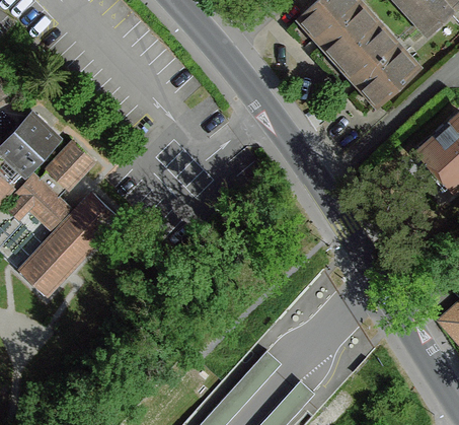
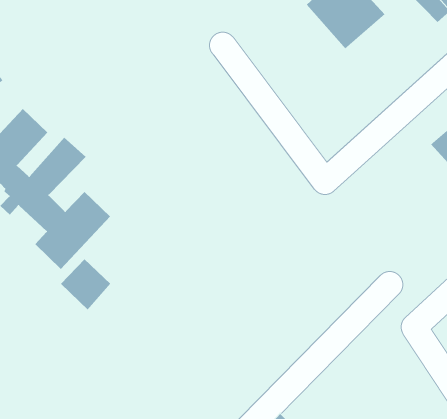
building: [338,25,415,101] -> none
building: [19,244,68,294] -> [60,258,111,311]

